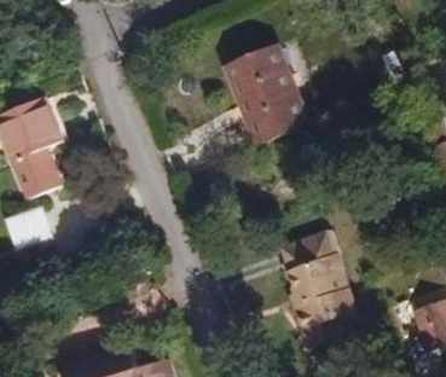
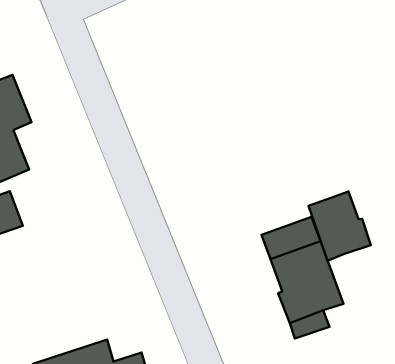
building: [226,45,311,145] -> none
building: none -> [308,191,371,261]

